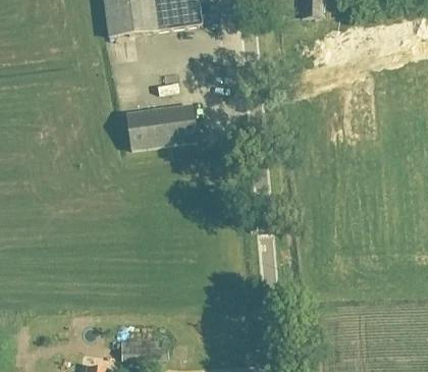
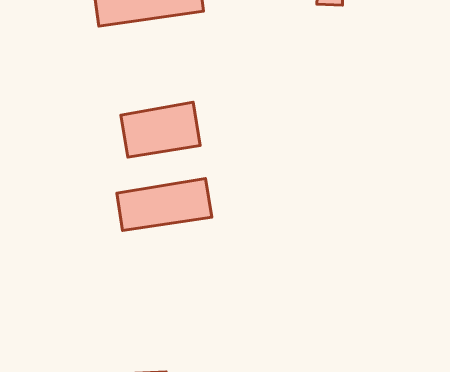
building: none -> [117,179,212,231]

